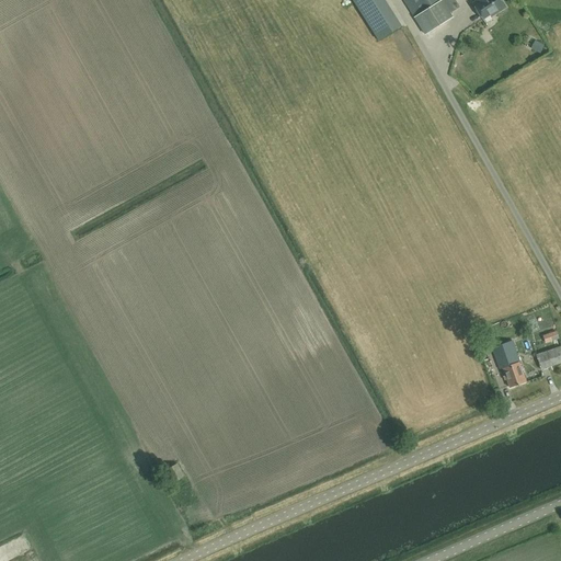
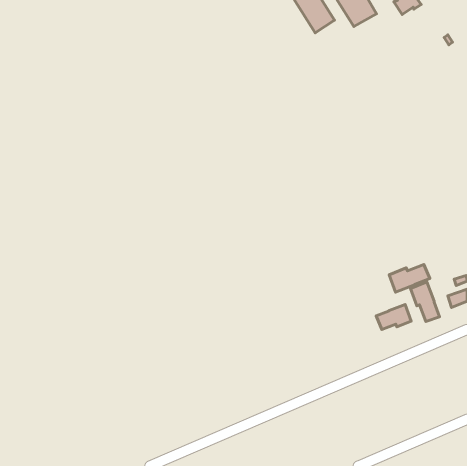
building: none -> [389,265,430,292]
building: none -> [376,305,411,329]

